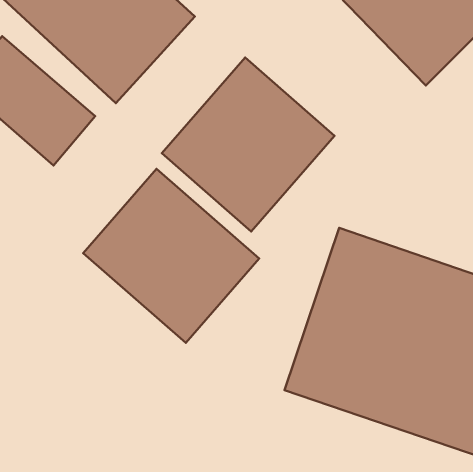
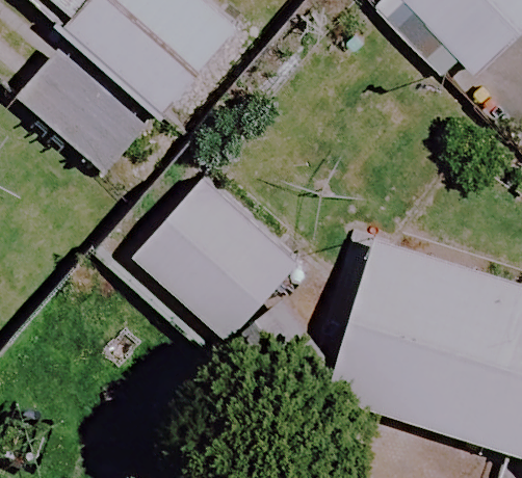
building: [162,58,334,232] -> none

